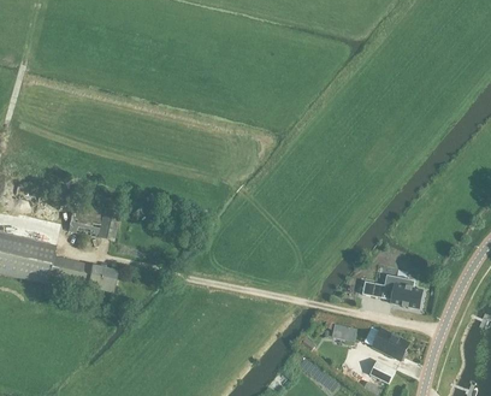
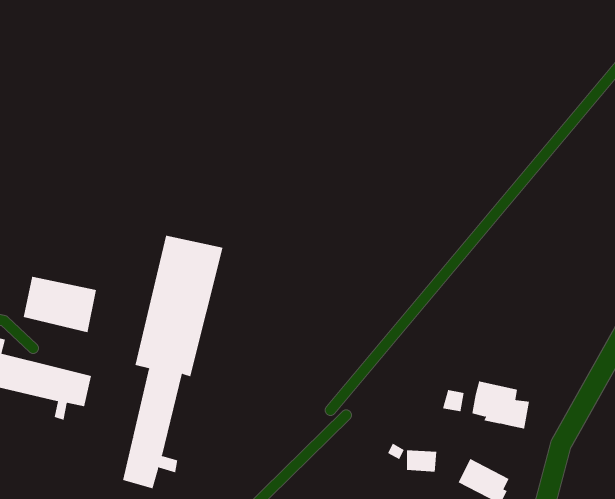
building: none -> [123,235,223,489]

